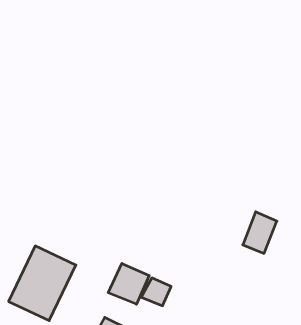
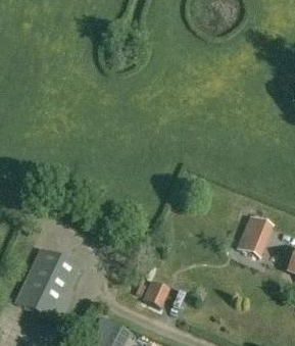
building: [108,263,149,304] -> none

